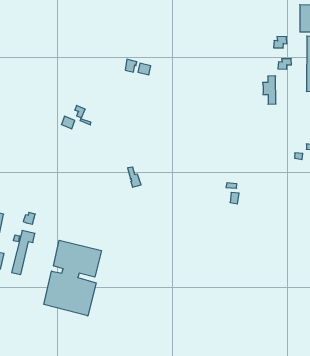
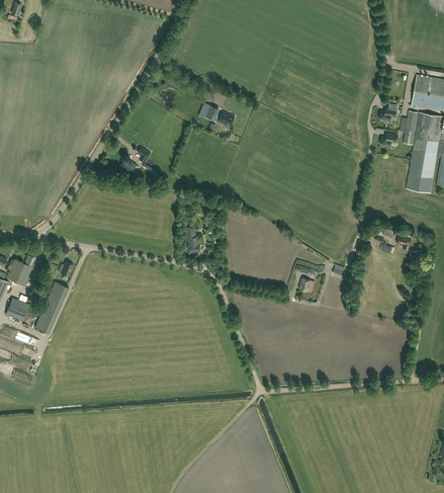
building: [263,76,276,104] -> [399,111,418,145]
building: [44,240,101,316] -> none

